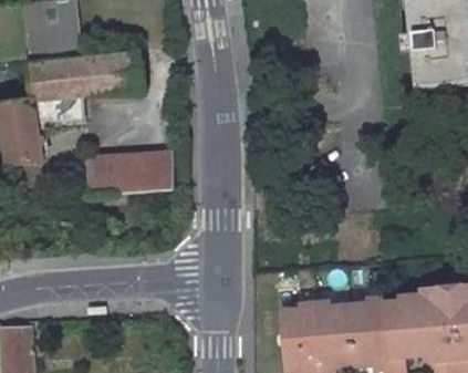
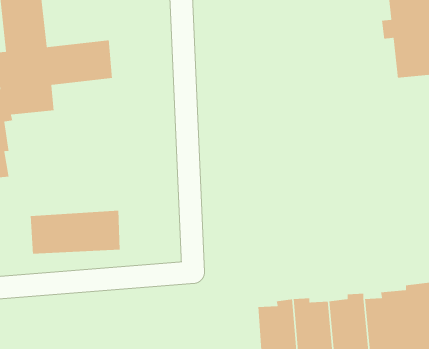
building: [85,151,173,194] -> [30,210,120,255]

